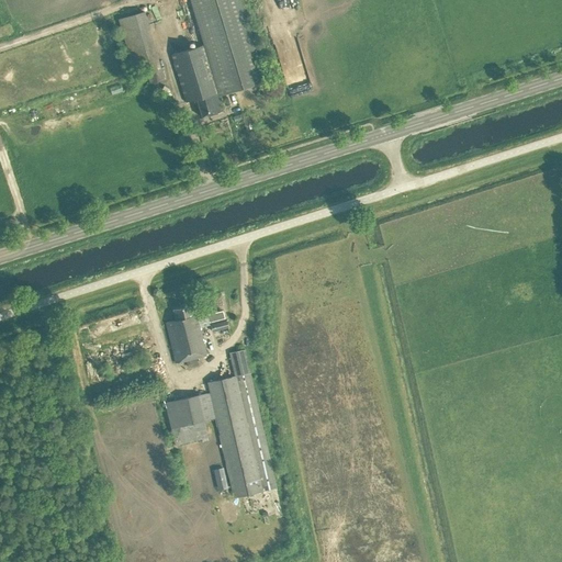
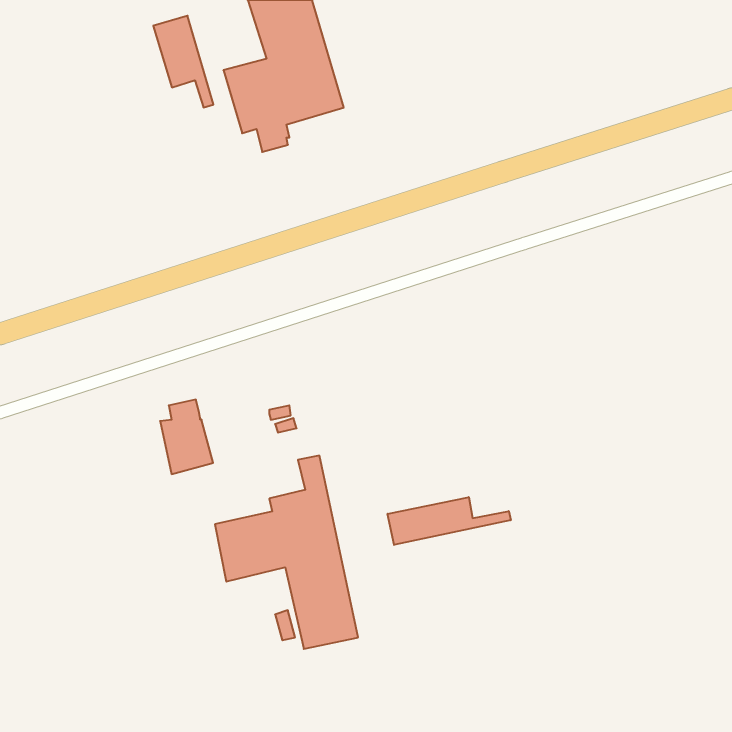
building: [166,305,206,362] -> [160,400,213,474]
building: none -> [388,497,511,545]

